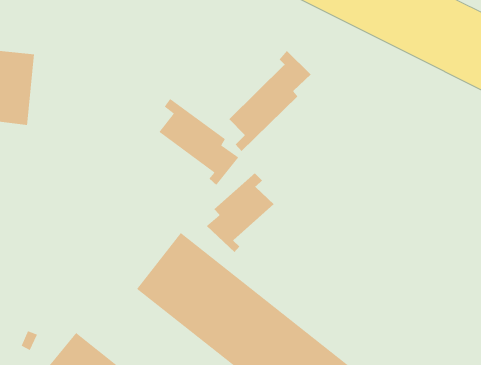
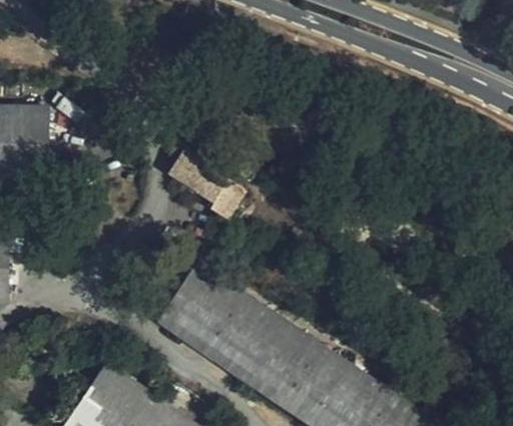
building: [228,50,312,152] -> none
building: [206,173,274,253] -> none

